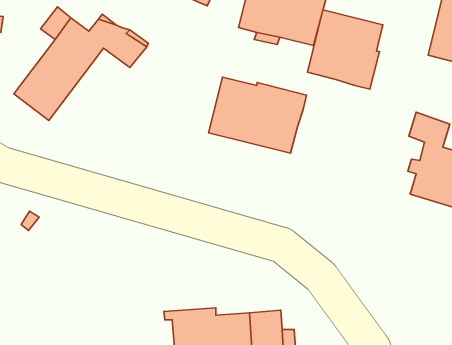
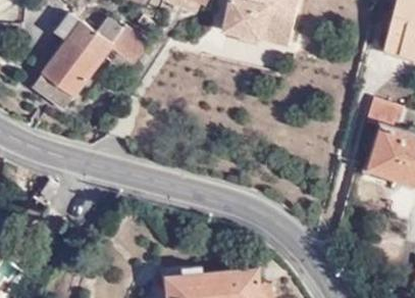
building: [308,10,383,89] -> none
building: [208,77,307,153] -> none

